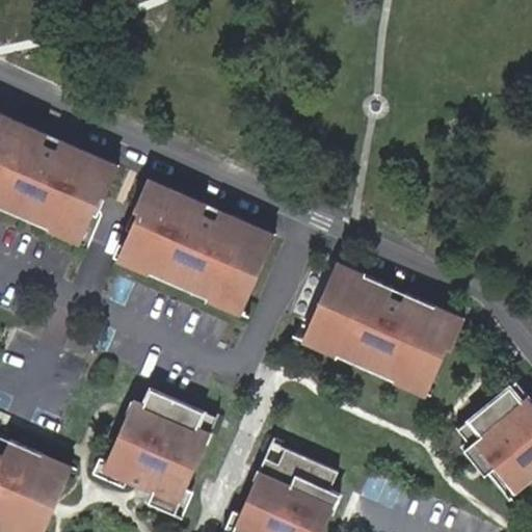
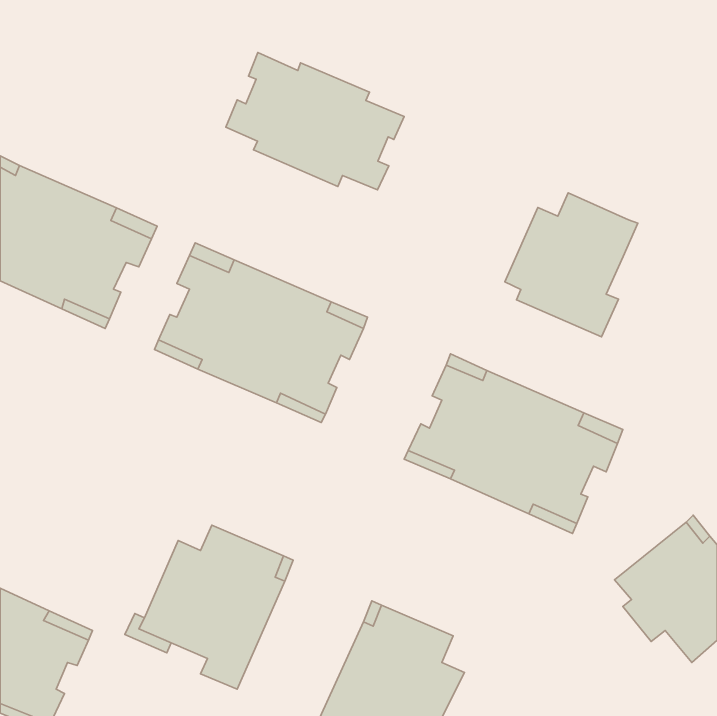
building: none -> [226,53,404,190]
building: none -> [505,193,638,337]

